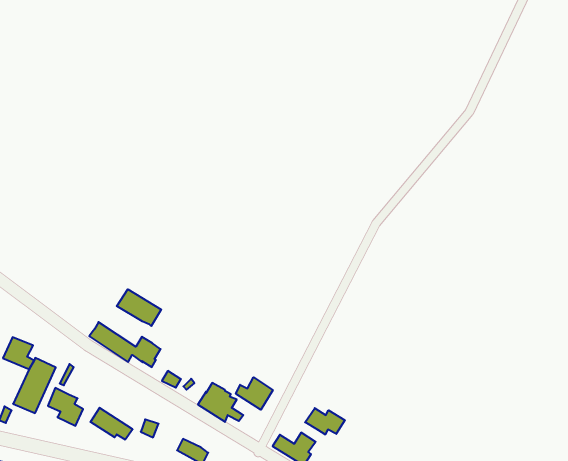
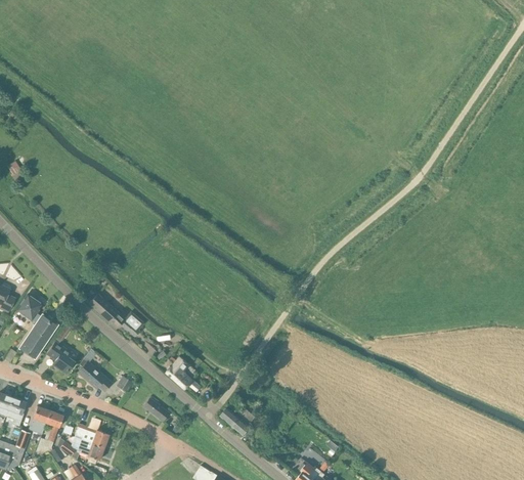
building: [117,289,161,326] -> none
building: [236,377,273,410] -> none
building: [305,408,345,435] -> none

